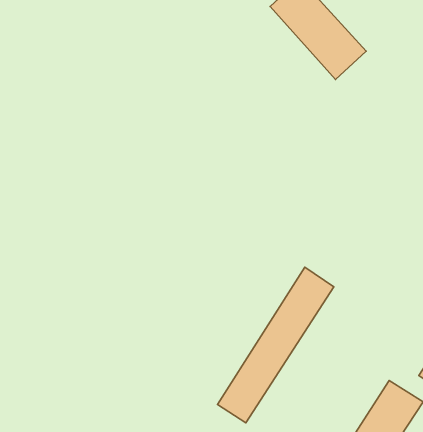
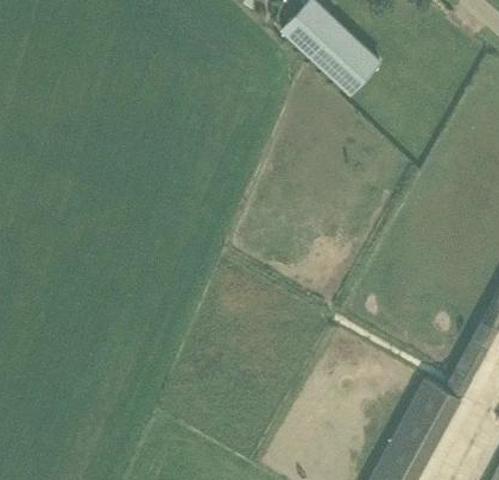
building: [218,267,334,423] -> none

